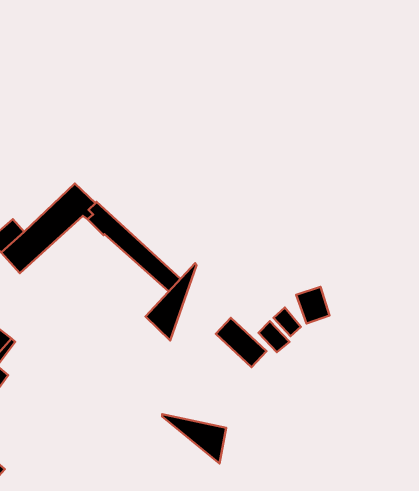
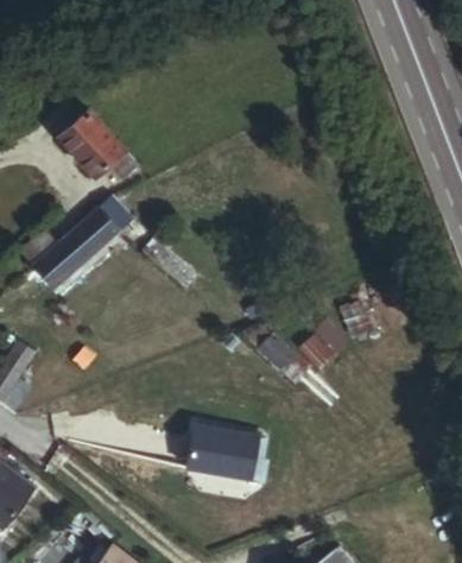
building: none -> [56,109,137,178]
building: [146,263,196,340] -> none
building: none -> [185,436,254,494]

